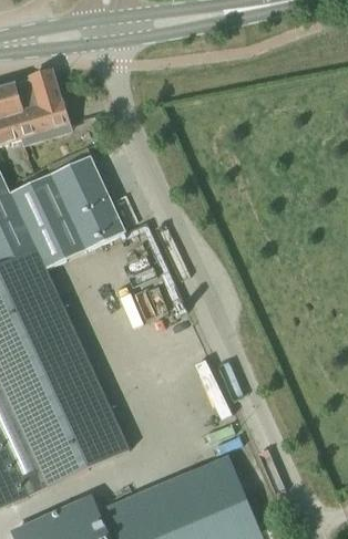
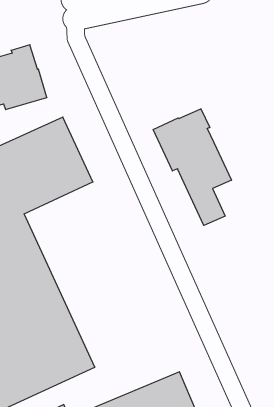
building: none -> [153,109,231,225]

